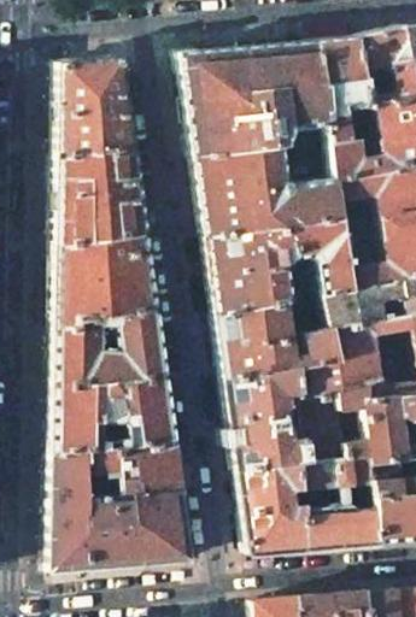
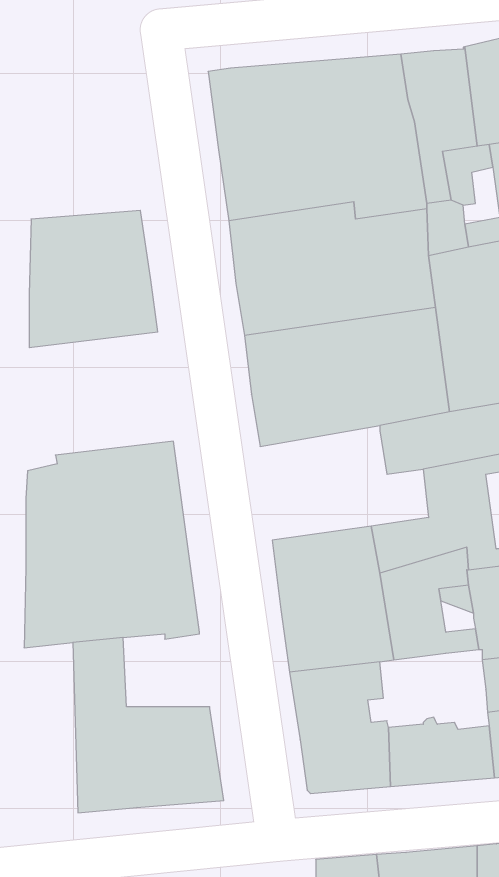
building: [61,58,137,155] -> none
building: [59,234,160,330] -> none
building: [221,299,338,378] -> none
building: [125,442,187,495] -> none
building: [54,449,94,571] -> none
building: [304,454,377,488] -> none

